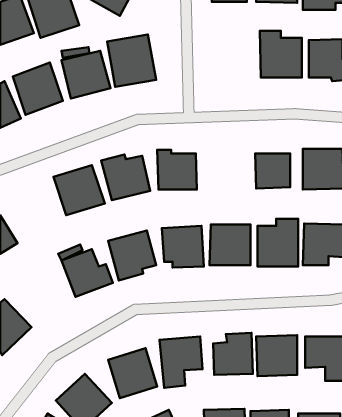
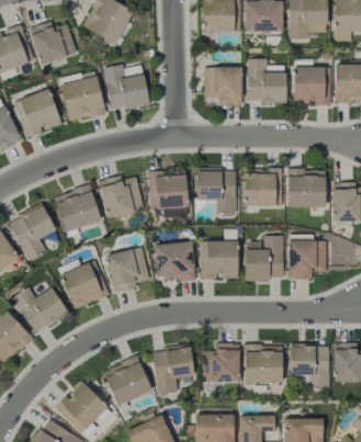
building: none -> [204,66,241,105]
building: none -> [196,169,236,213]
building: none -> [8,203,56,260]
building: none -> [13,286,67,332]

